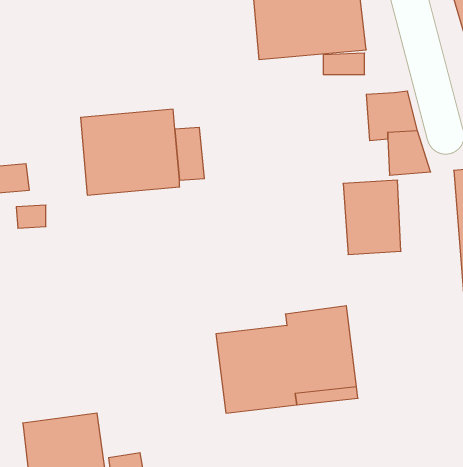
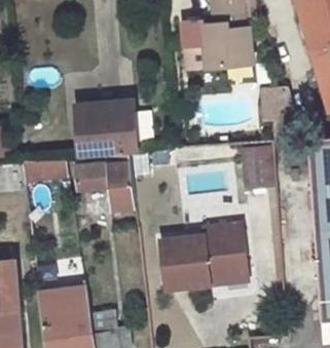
building: none -> [69,153,135,208]

